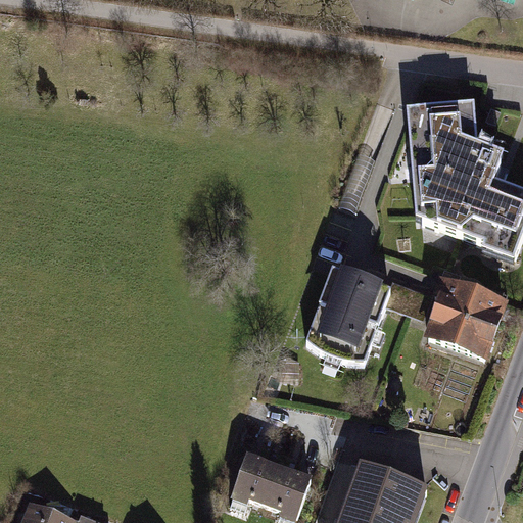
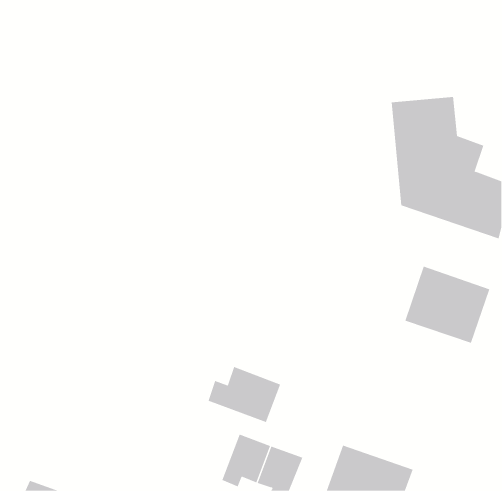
building: [313,269,387,351] -> none
building: none -> [208,366,281,423]

